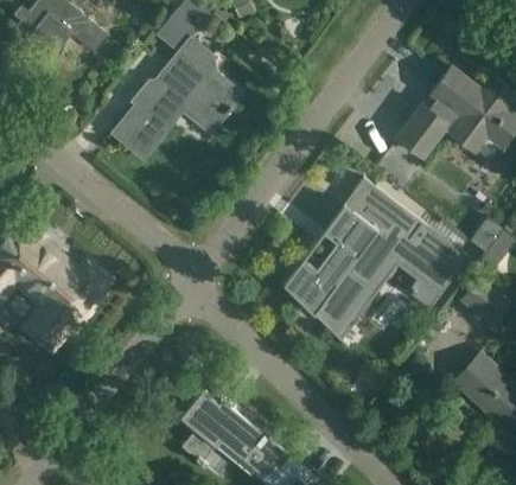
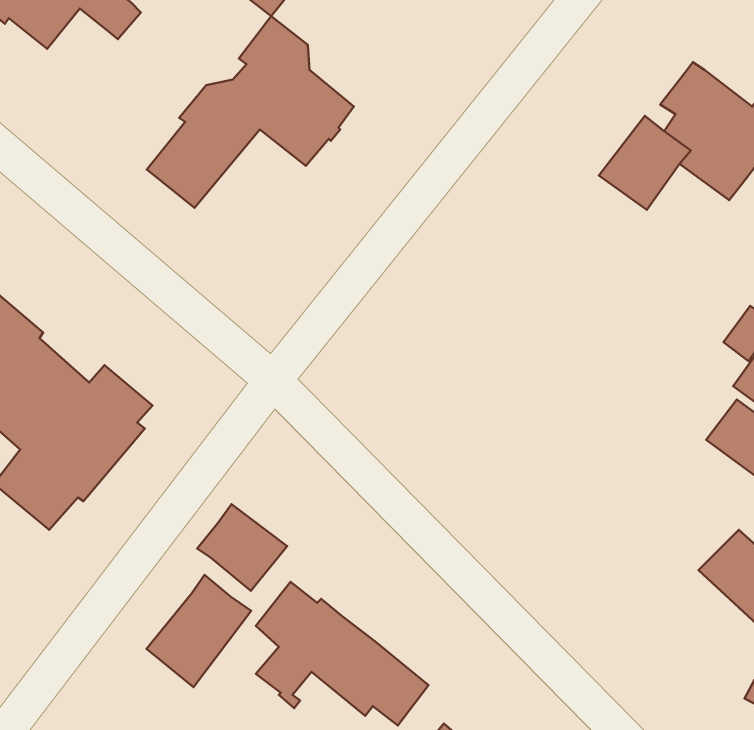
building: [282,178,469,347] -> none
building: none -> [197,504,287,591]
building: none -> [146,575,251,687]

